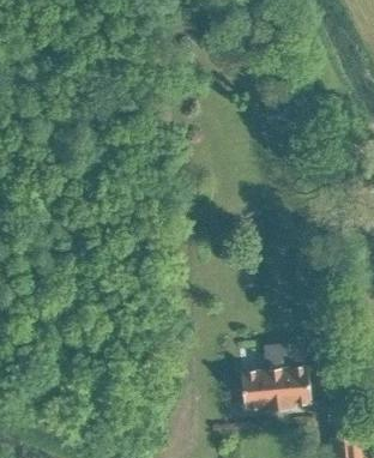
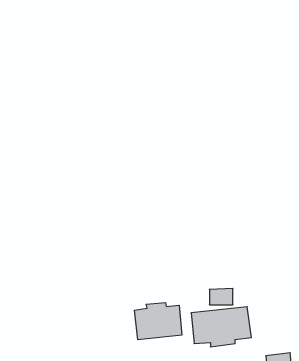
building: none -> [134,303,182,340]

